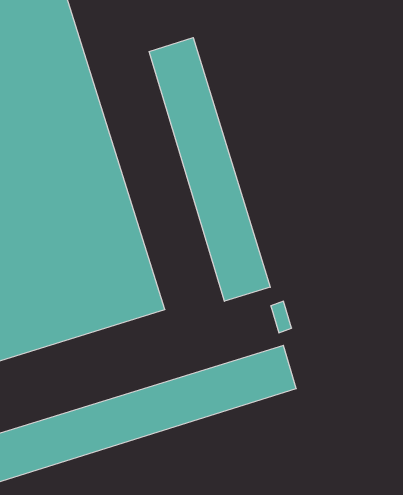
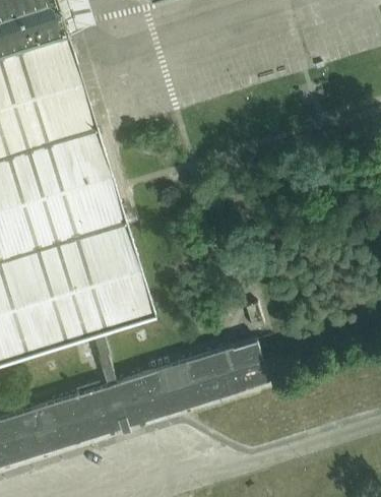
building: [149,38,270,301] -> none

